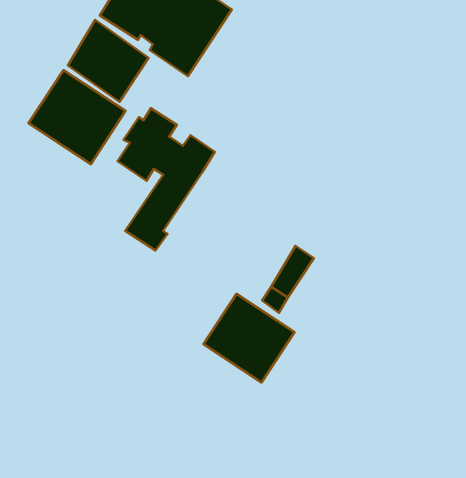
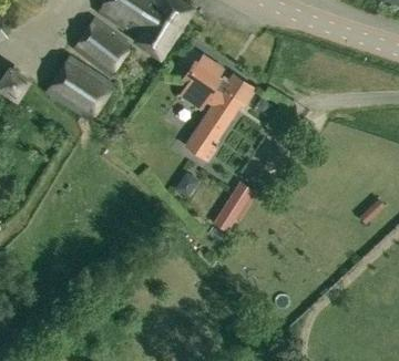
building: [118,108,215,251] -> [180,55,250,159]
building: [203,294,295,382] -> none

